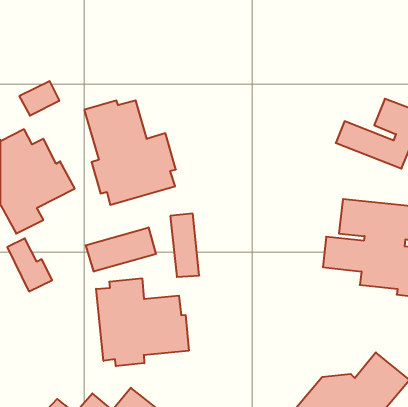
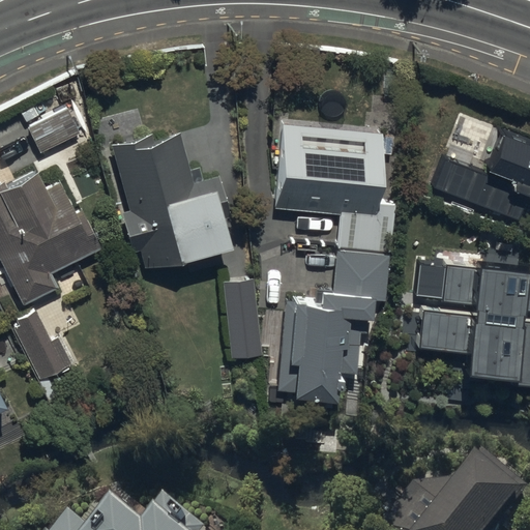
building: none -> [275,124,398,252]
building: none -> [278,252,388,399]
building: [86,227,156,272] -> none
building: [96,278,189,366] -> none

